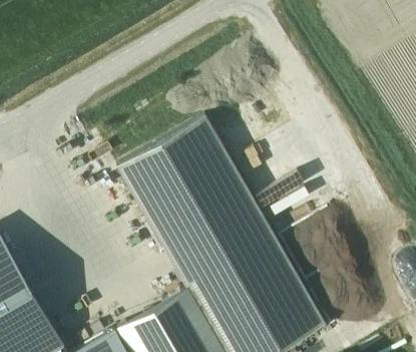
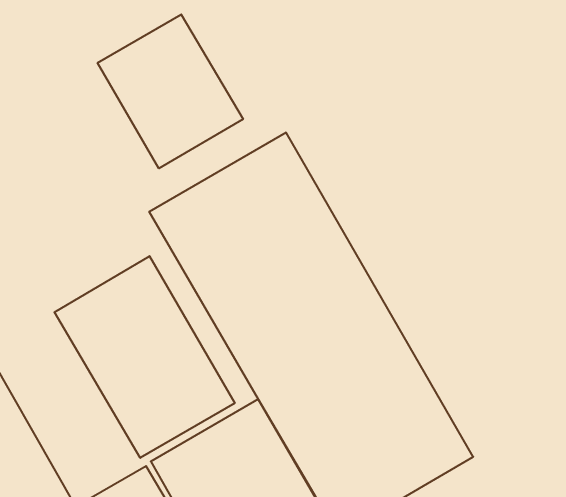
building: none -> [98,14,243,168]
building: none -> [54,256,235,458]

